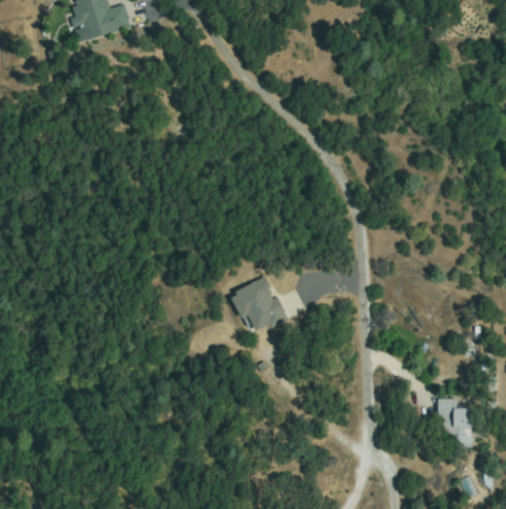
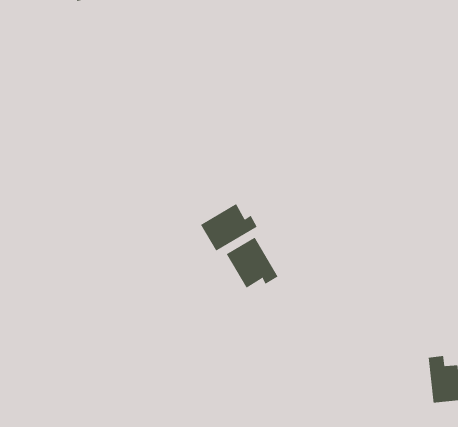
building: none -> [200,203,258,252]

